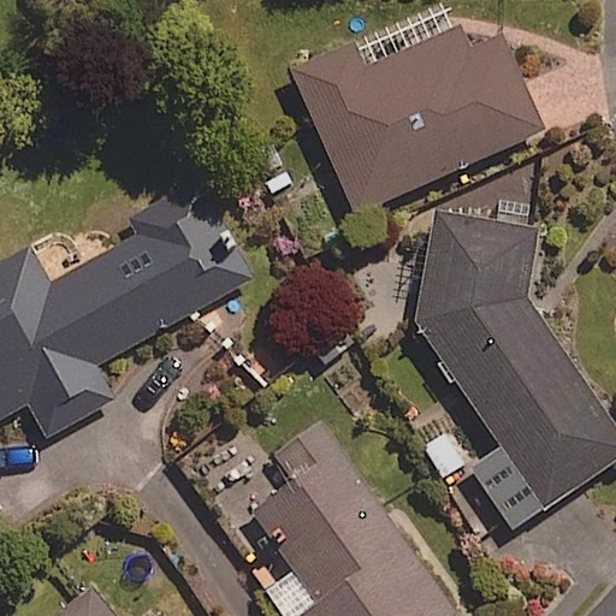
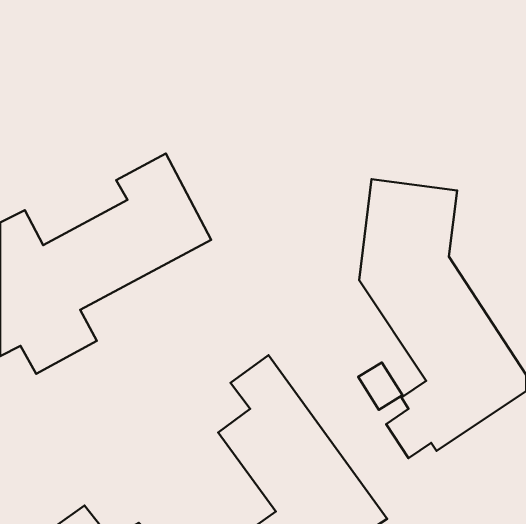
building: [289,8,540,213] -> none

